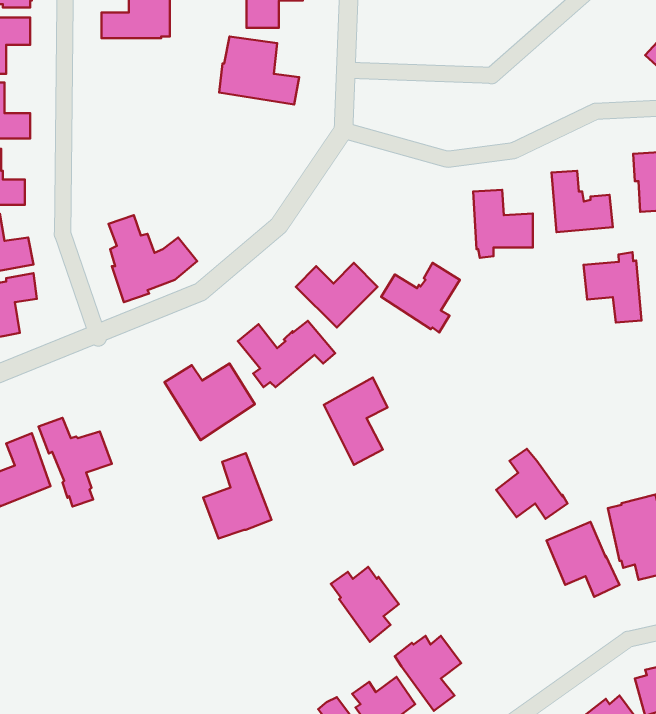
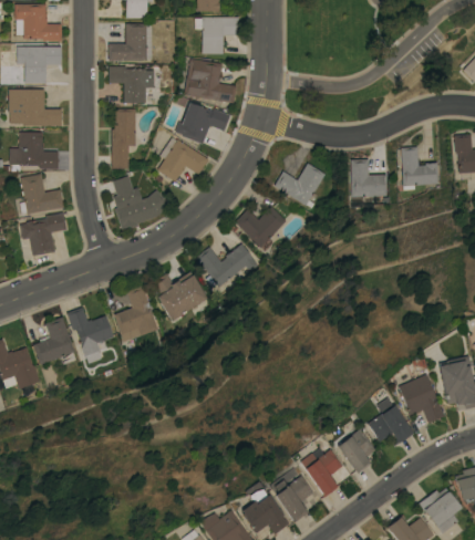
building: none -> [110,66,155,103]
building: none -> [175,102,231,144]
building: none -> [112,108,137,168]
building: none -> [158,136,209,181]
building: [583,252,641,323] -> none
building: [381,263,460,333] -> [275,163,326,208]
building: [324,377,388,465] -> none
building: [496,449,568,519] -> [366,397,413,443]
building: [203,453,271,538] -> [115,285,159,341]
building: [331,567,399,642] -> [331,425,375,474]

